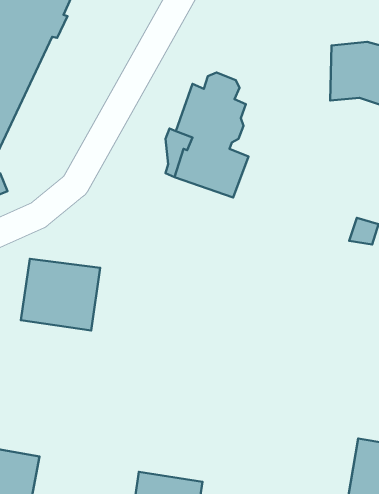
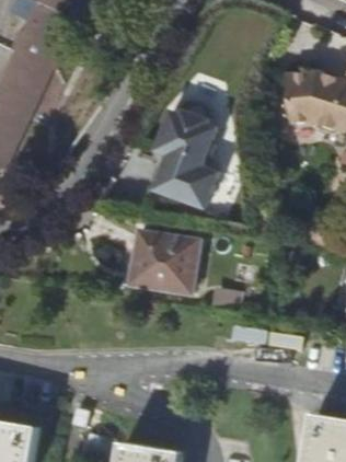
building: [21,259,100,330] -> [129,231,197,292]

